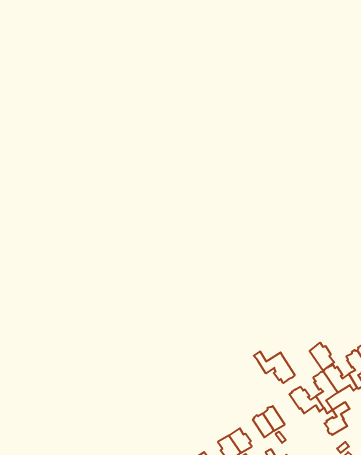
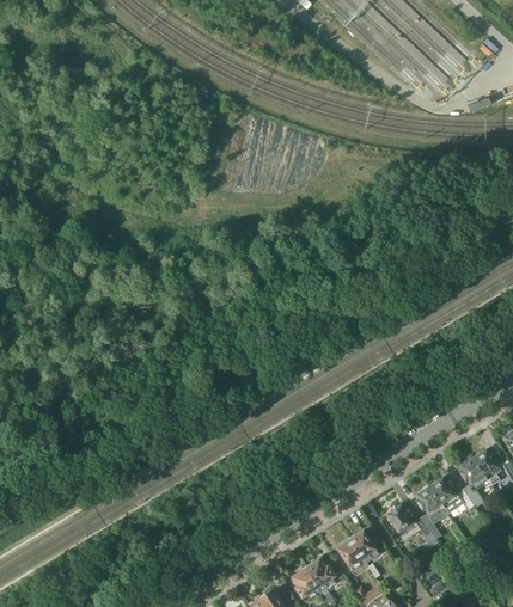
building: [310,343,334,370] -> none
building: [254,351,295,383] -> none
building: [324,402,350,435] -> none

